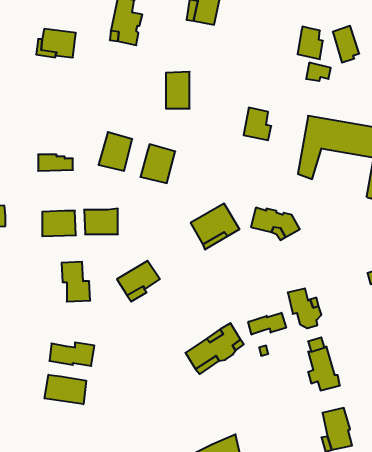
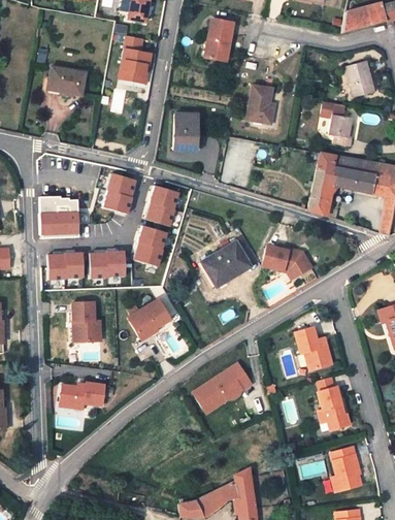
building: [297,27,323,59] -> [326,115,352,148]
building: [244,108,271,140] -> [246,87,274,120]
building: none -> [46,208,83,231]
building: none -> [138,223,172,263]
building: [248,313,286,335] -> none
building: [44,375,86,404] -> none

